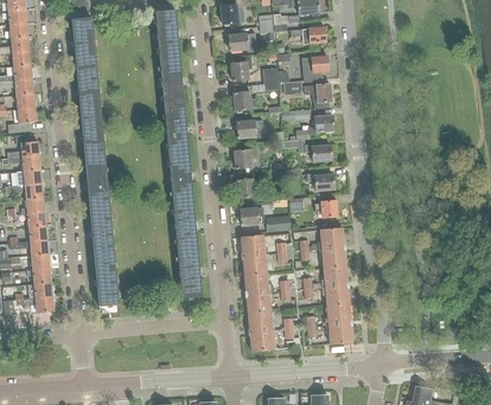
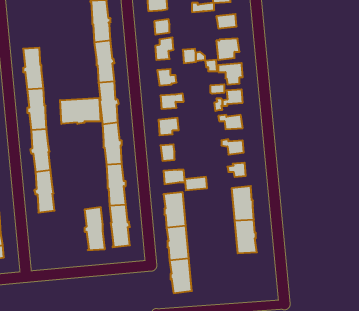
building: [71,17,95,66] -> none
building: none -> [60,98,100,124]
building: [94,255,117,304] -> [85,207,105,250]
building: [326,303,351,342] -> none

